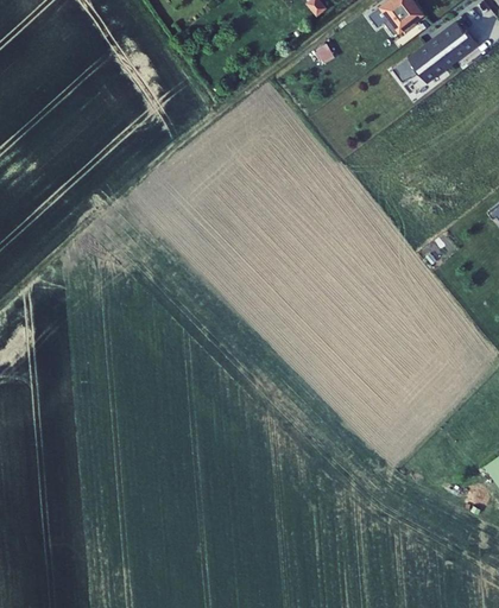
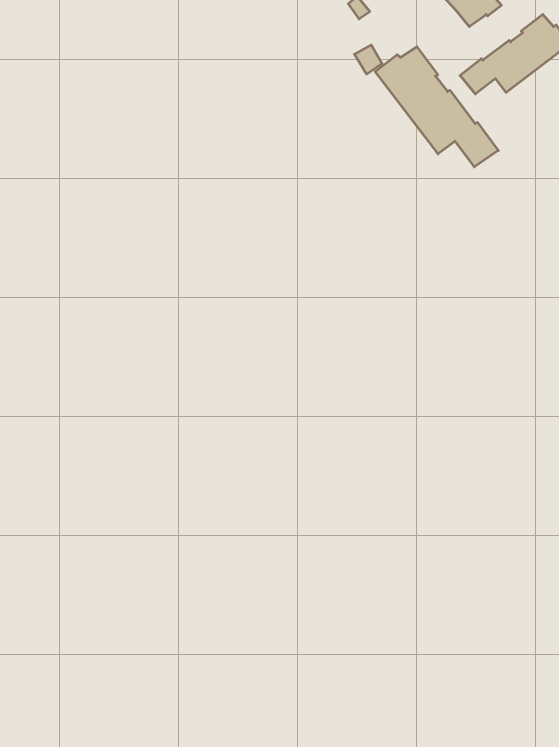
building: none -> [375,47,498,167]

